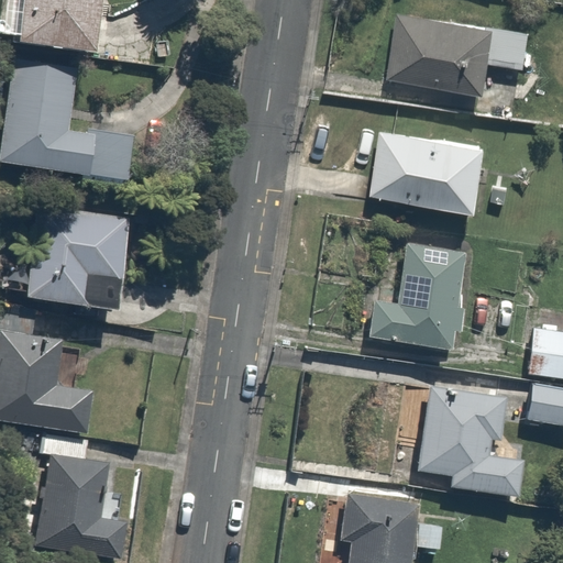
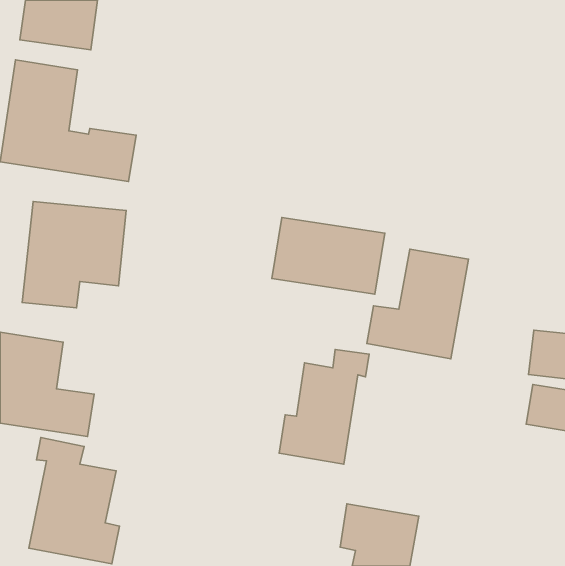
building: [385,11,528,91] -> none
building: [372,136,484,212] -> [272,218,385,294]
building: none -> [279,349,369,464]
building: [412,386,527,501] -> none

